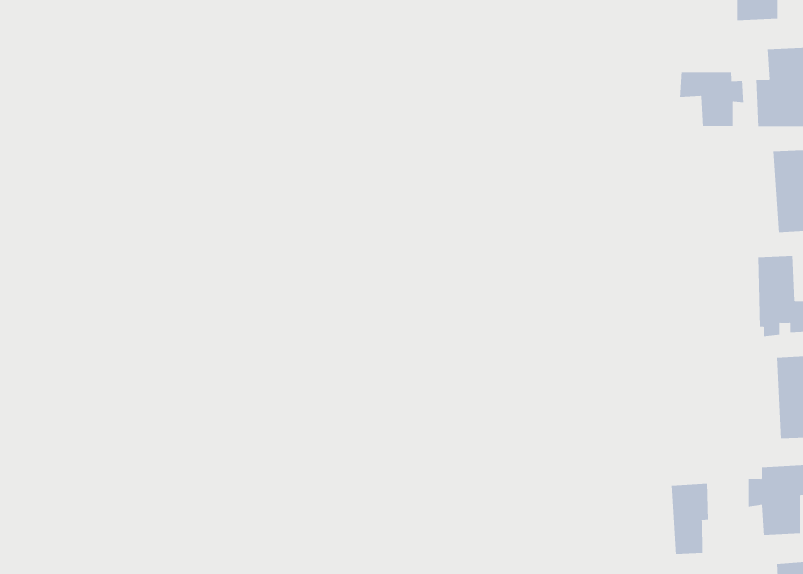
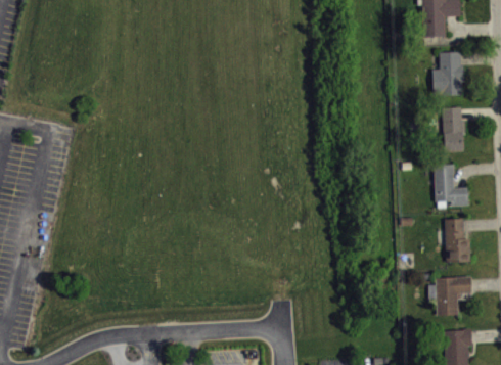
building: [680,72,744,127] -> none
building: [671,483,708,555] -> none

